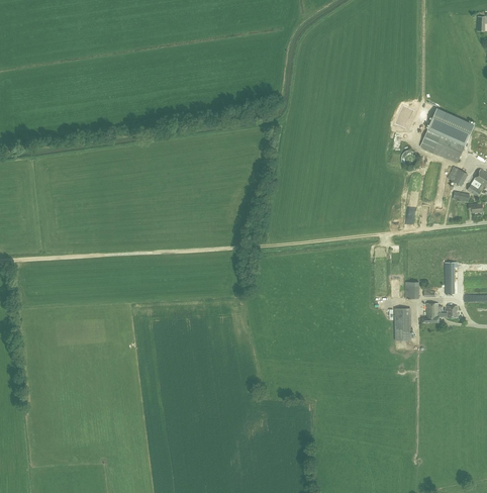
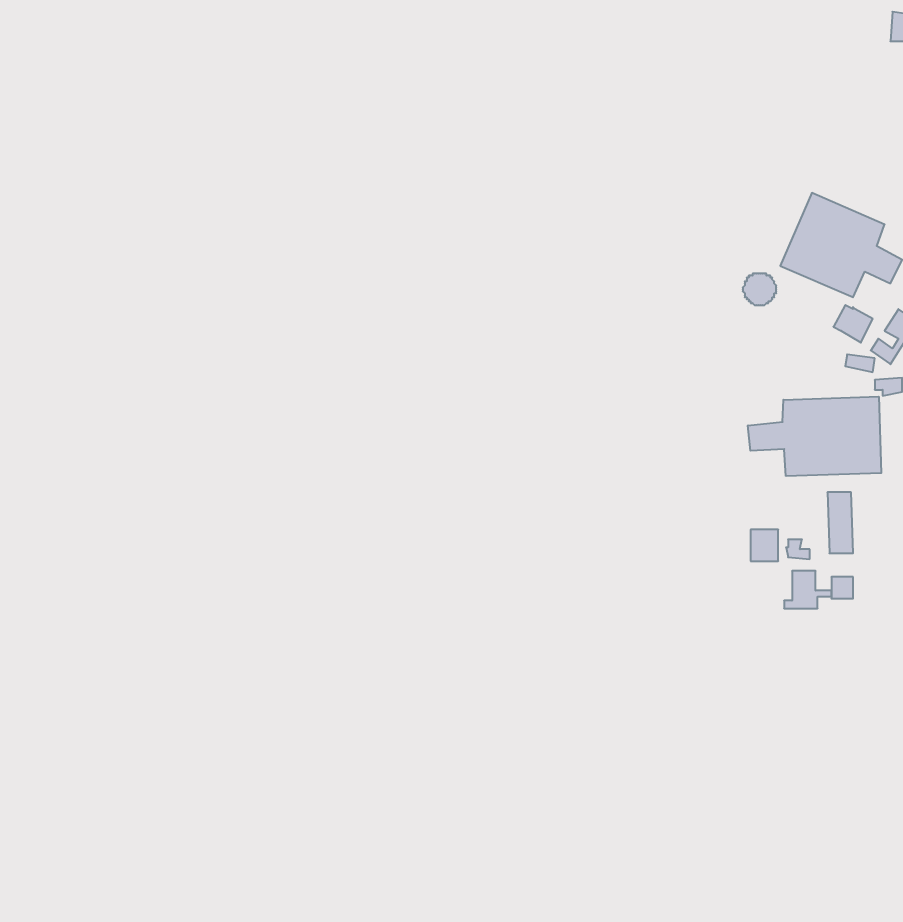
building: none -> [748,397,881,476]
building: [395,307,410,339] -> none

